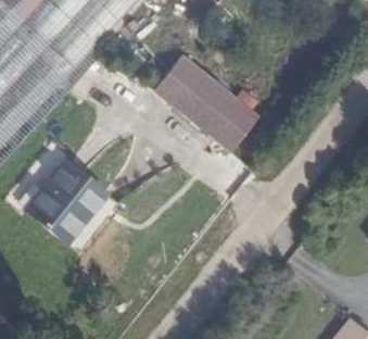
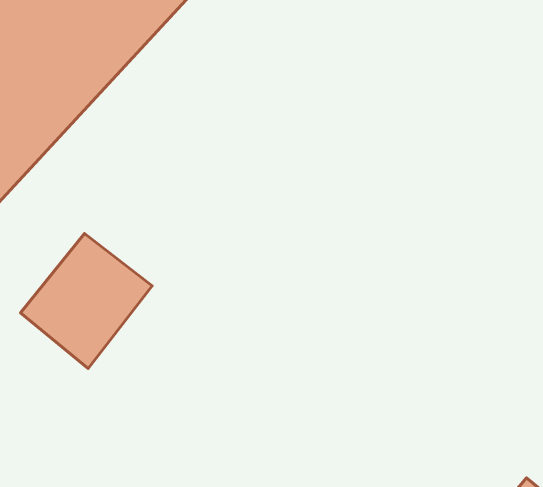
building: [152,55,256,152] -> none

